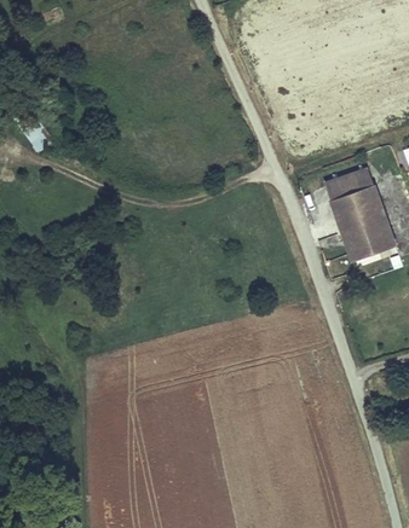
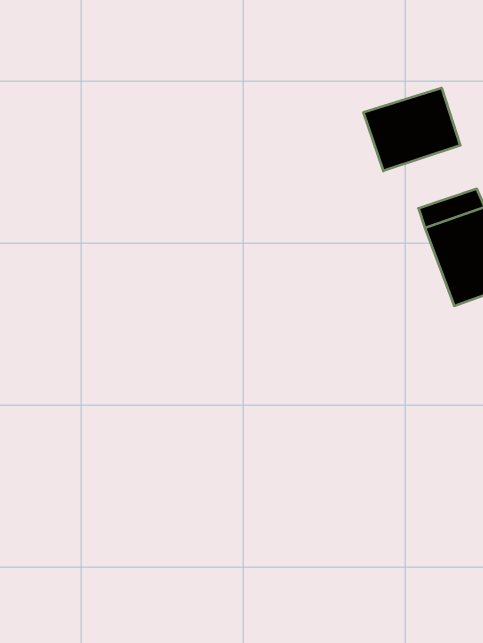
building: none -> [364,88,460,171]

